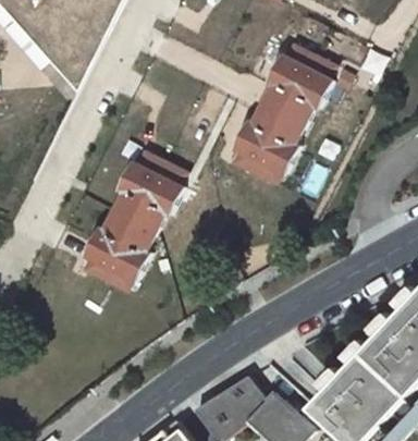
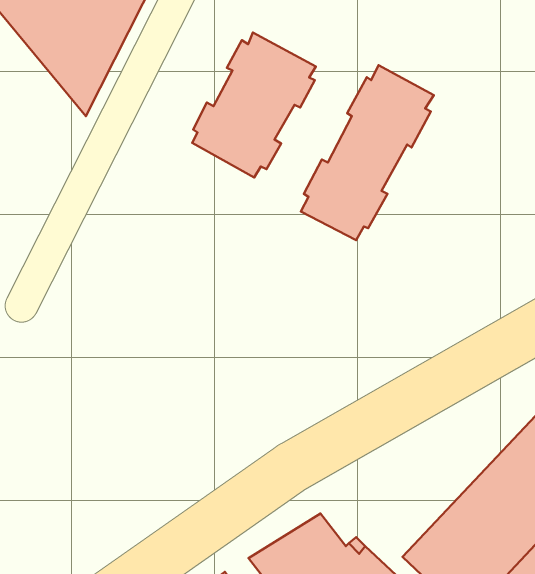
building: none -> [192,32,316,178]
building: [85,155,182,283] -> none

